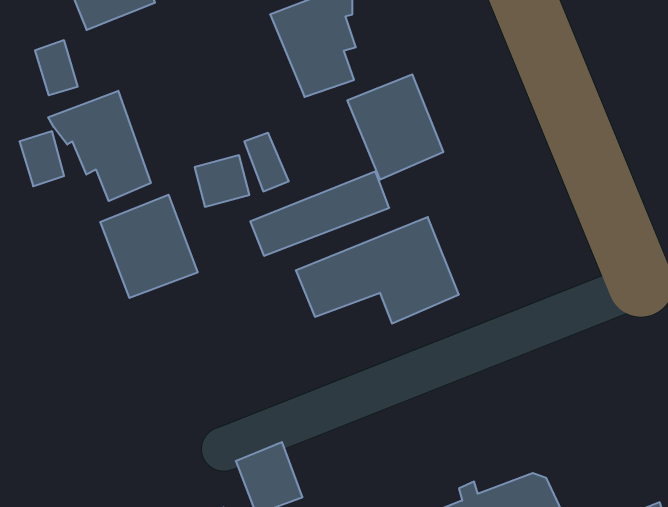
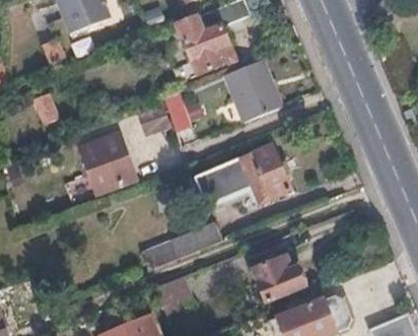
building: [48,91,151,201] -> none
building: [250,172,389,256] -> [141,221,223,271]
building: none -> [253,255,304,297]

